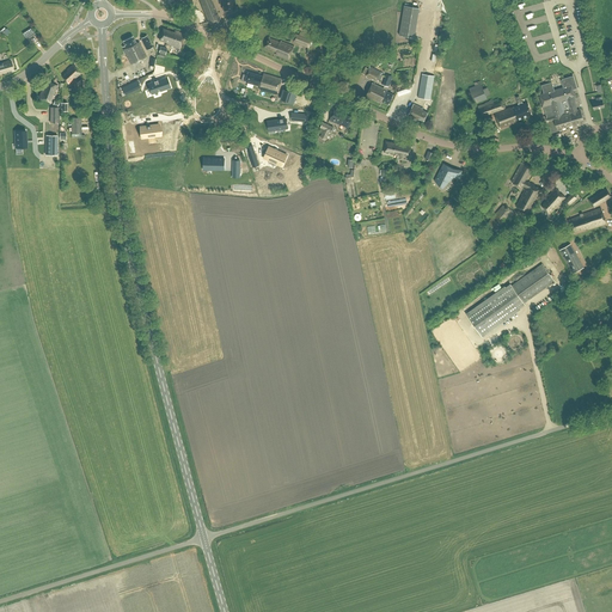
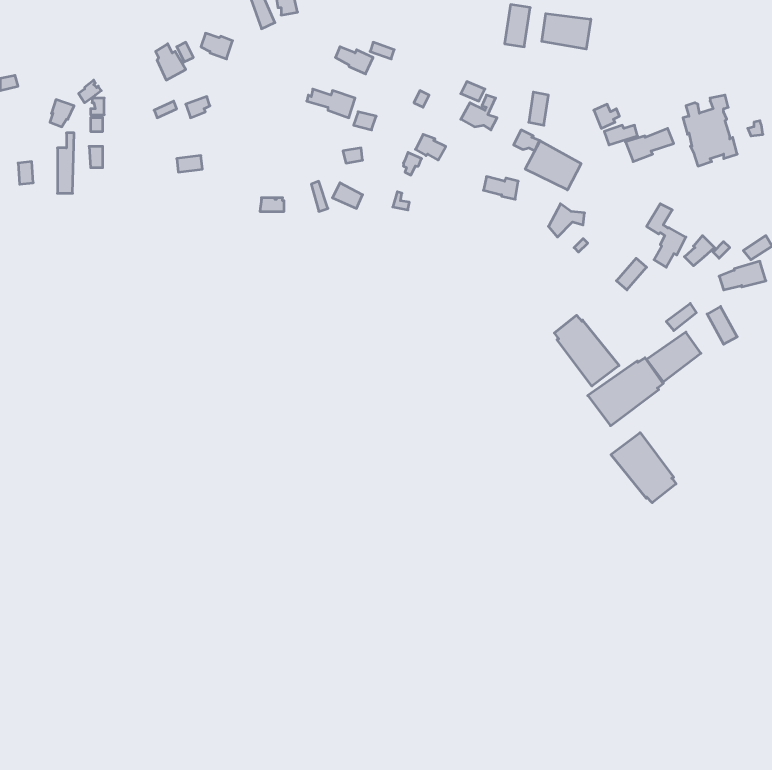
building: none -> [542,14,591,49]
building: none -> [525,141,581,190]
building: none -> [554,315,619,386]
building: none -> [611,433,676,503]

